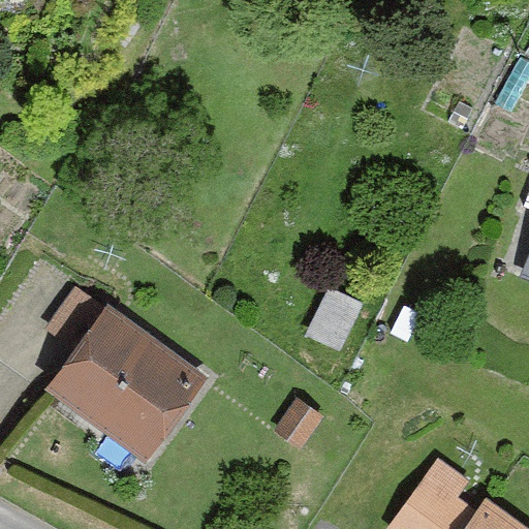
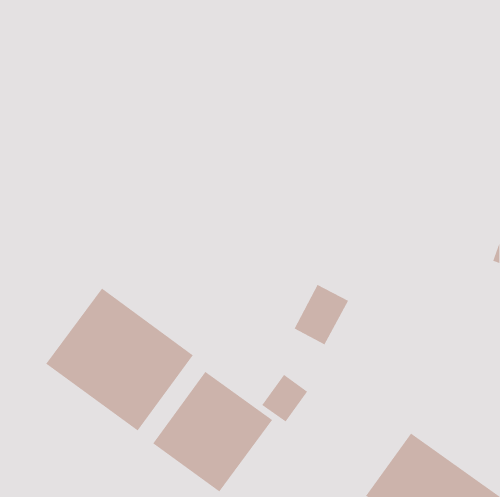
building: none -> [152,371,273,493]

